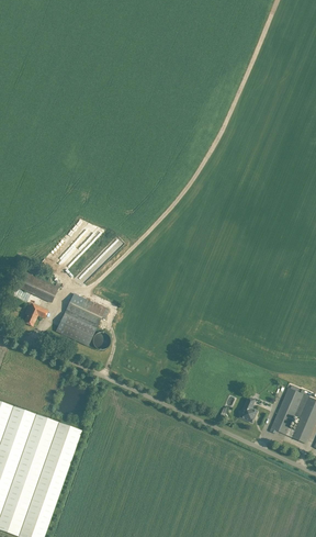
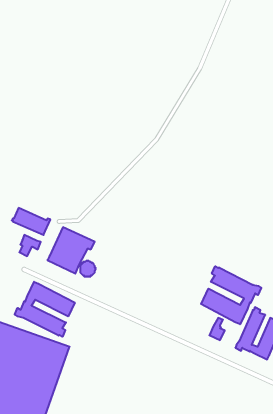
building: none -> [201,266,261,324]
building: none -> [15,282,75,337]

